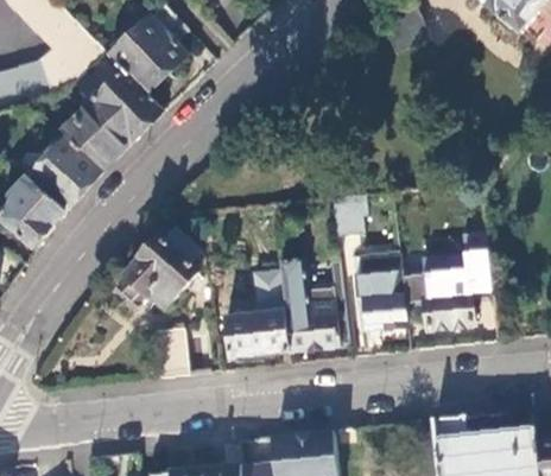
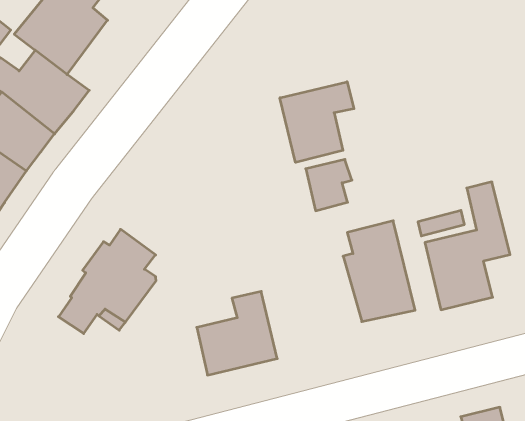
building: none -> [280,82,354,162]
building: [278,258,348,350] -> none
building: [154,328,188,375] -> none

